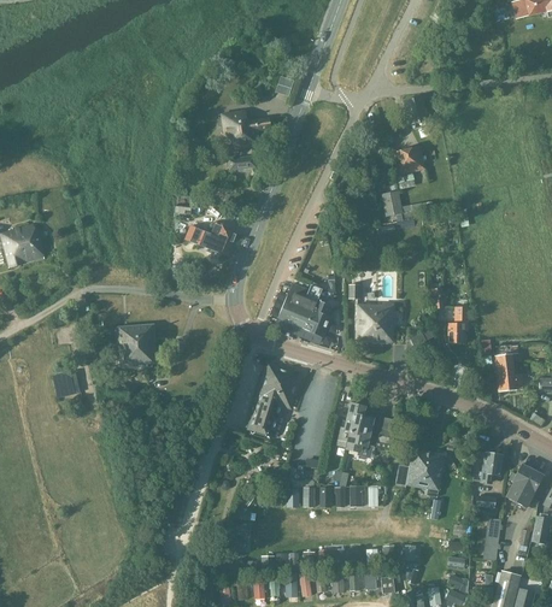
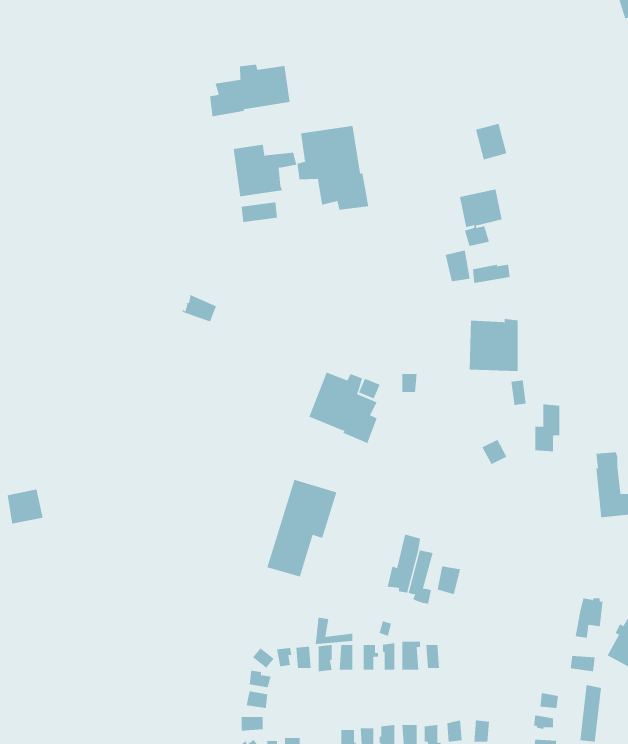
building: none -> [209,64,290,117]
building: none -> [297,125,369,211]
building: [206,222,237,255] -> none
building: [357,302,394,342] -> [469,319,518,372]
building: [118,324,157,367] -> none
building: [395,449,445,497] -> none

